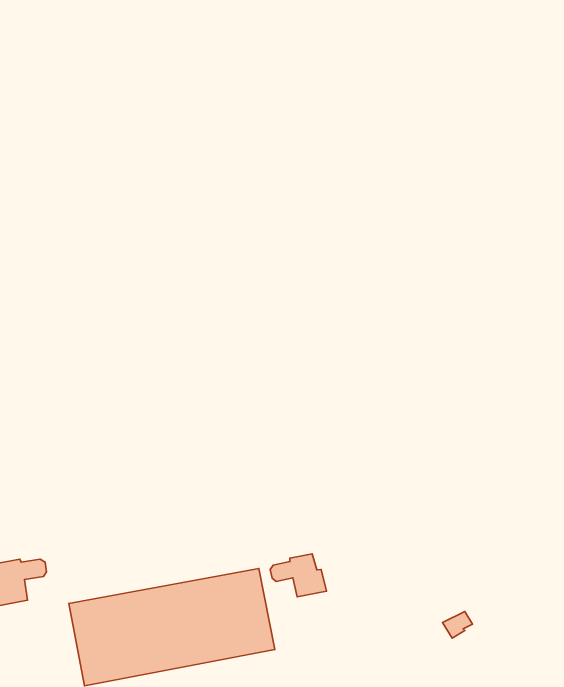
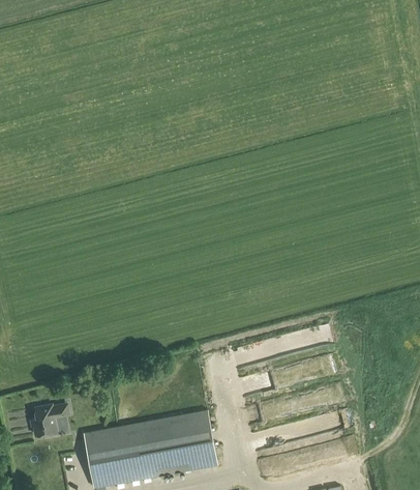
building: [270,554,327,597] -> none

